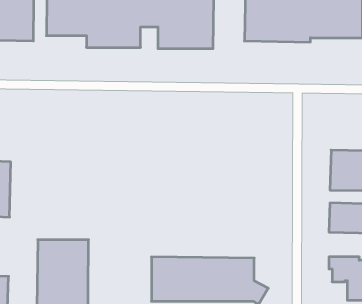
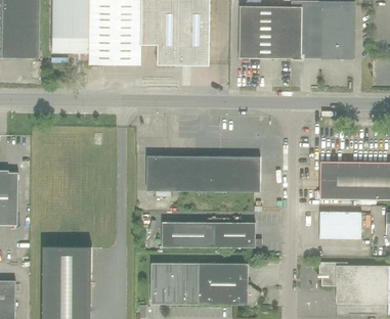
building: none -> [146,155,260,191]
building: none -> [162,221,261,247]

